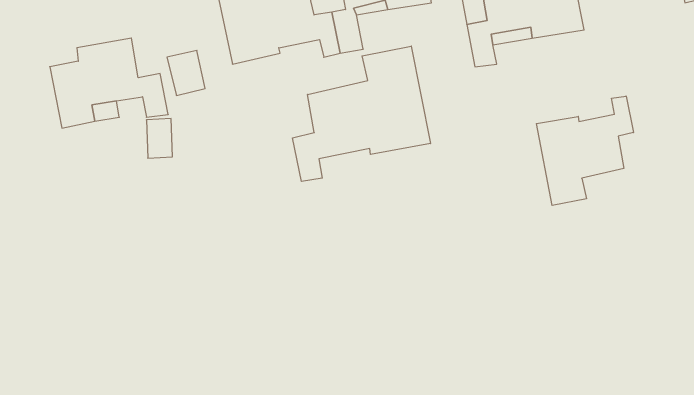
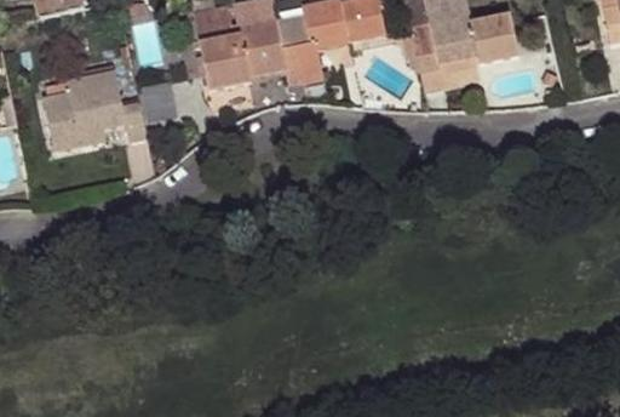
building: [293,46,430,181] -> none
building: [536,96,633,205] -> none

